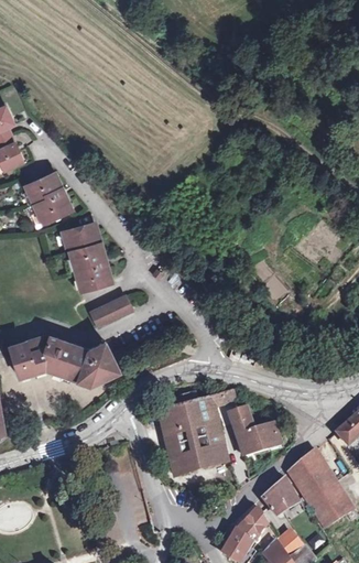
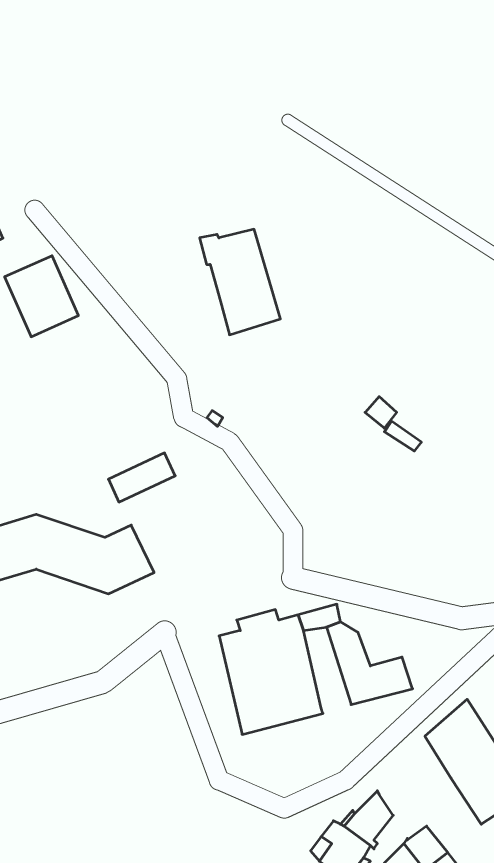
building: [62,226,112,292] -> [200,229,280,335]
building: [263,480,298,516] -> none

